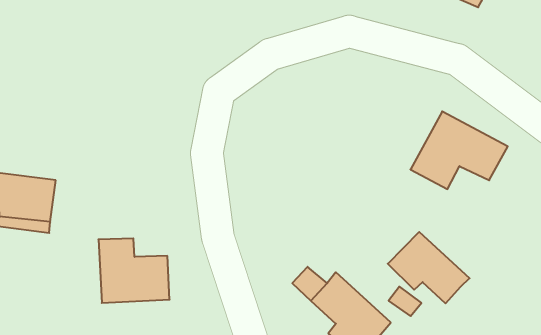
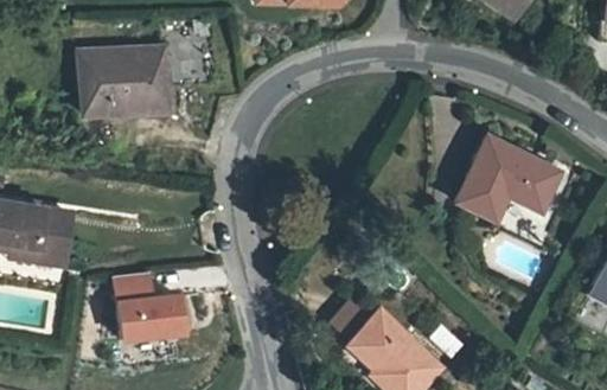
building: none -> [78,38,217,115]
building: [388,232,470,303] -> none

